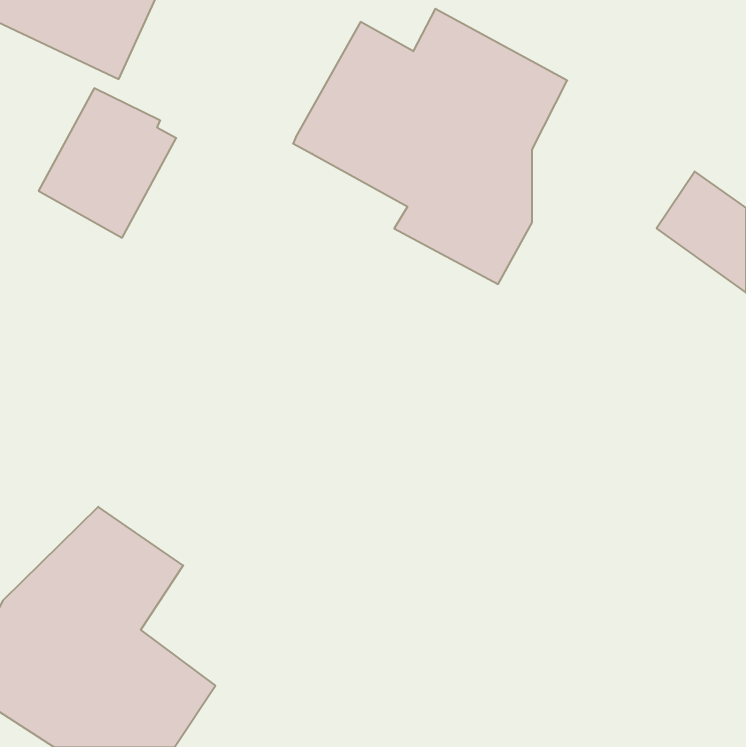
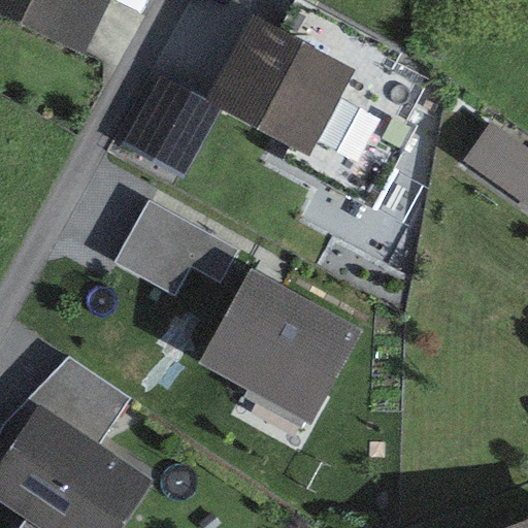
building: [39,88,176,238] -> [123,73,220,178]
building: none -> [113,199,238,296]
building: none -> [196,267,362,425]

